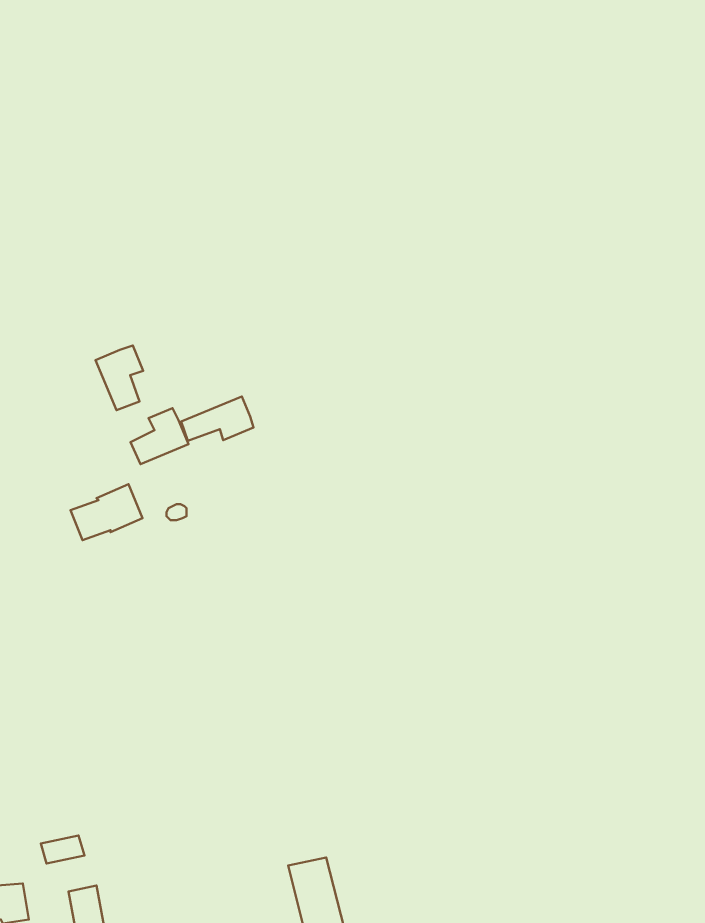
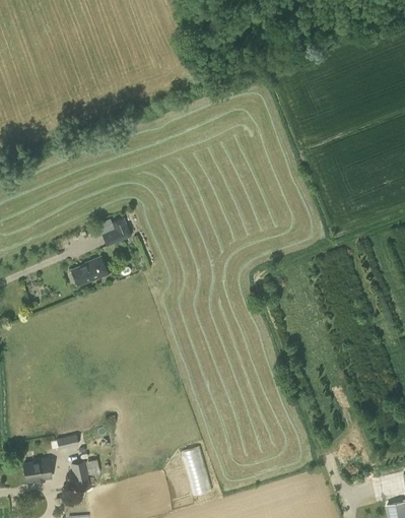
building: [95,346,143,410] -> none
building: [181,396,253,441] -> none

